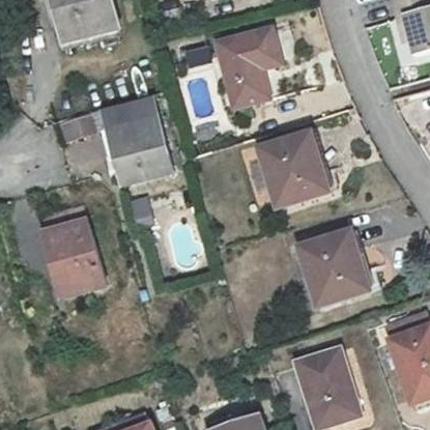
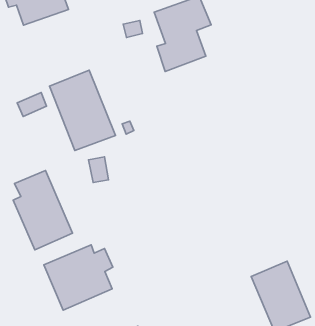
building: [261,135,342,206] -> none
building: [293,224,364,300] -> none
building: none -> [44,245,113,310]

